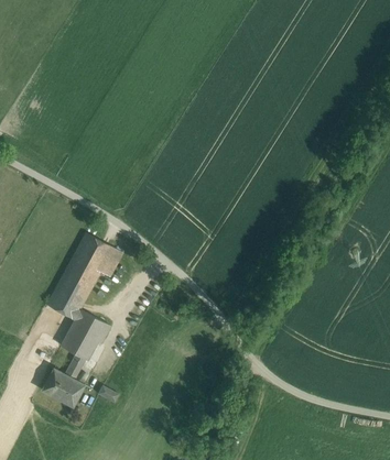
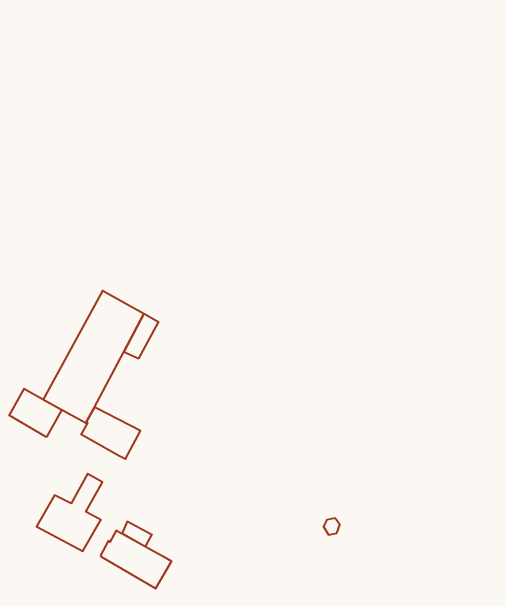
building: [62,328,97,360] -> [9,389,62,437]
building: none -> [101,530,171,589]

